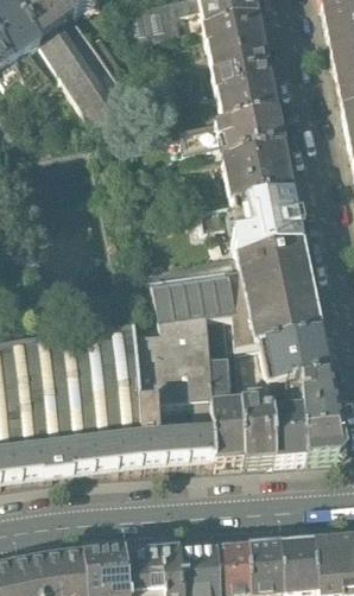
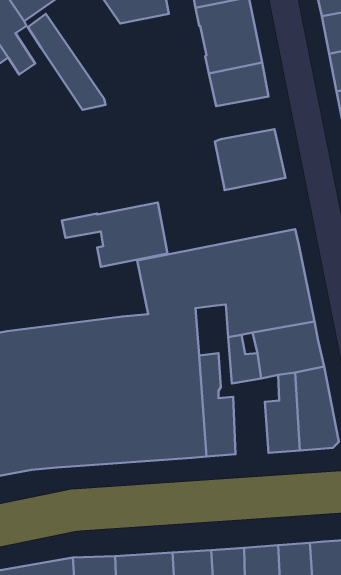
building: [181,104,282,146] -> none
building: [198,184,302,247] -> [62,202,168,267]
building: [204,309,227,357] -> none
building: [241,397,276,454] -> none

